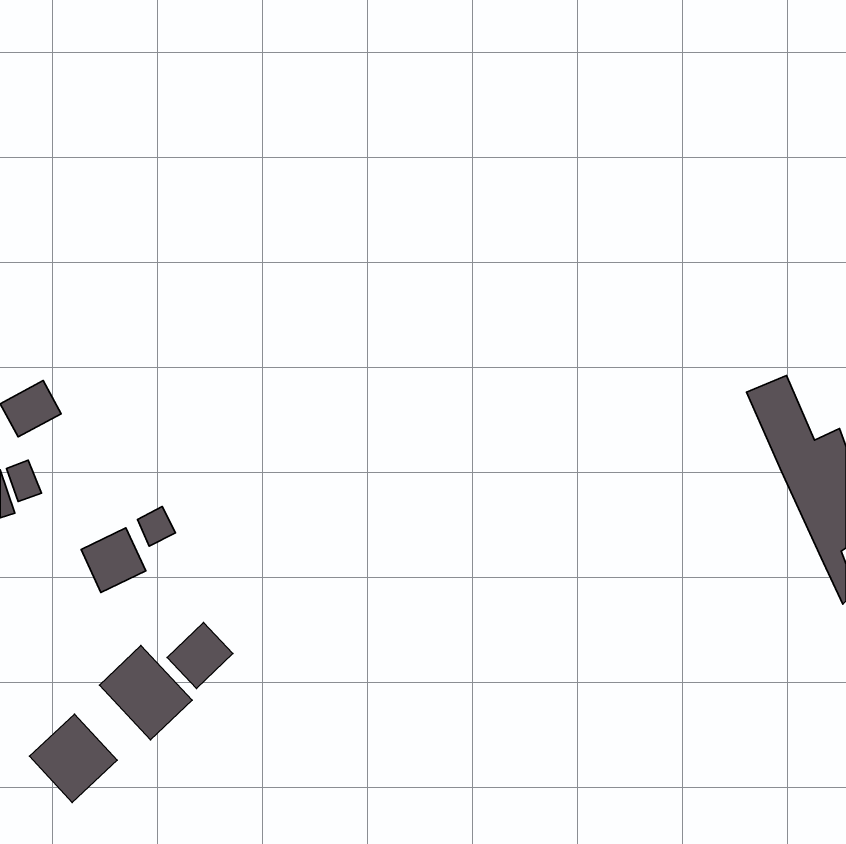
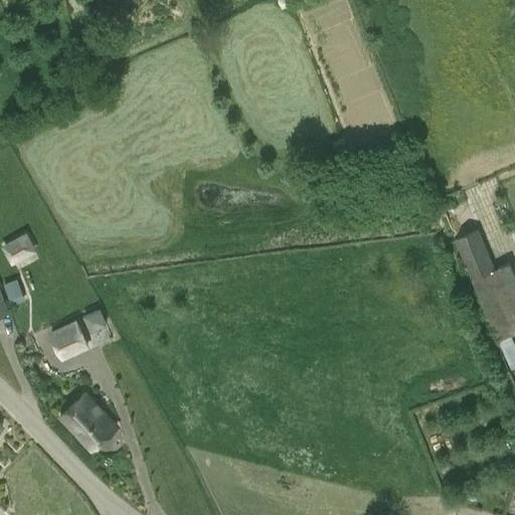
building: [167,623,233,689] -> none
building: [30,714,117,802] -> none

